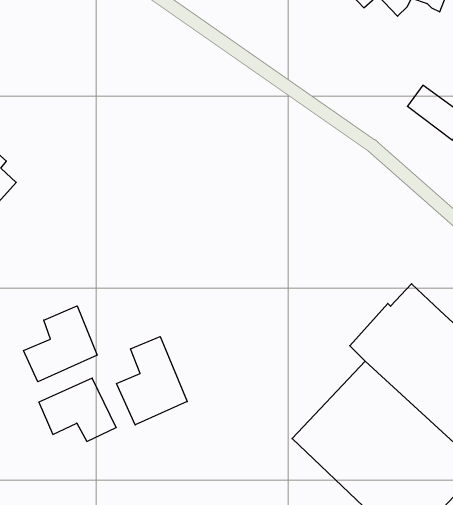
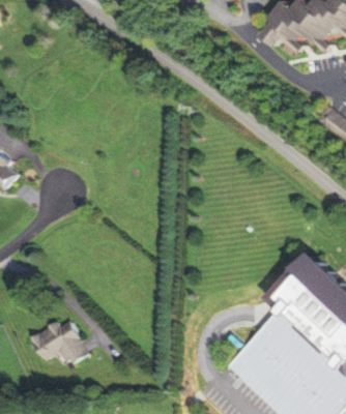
building: [24,306,97,382] -> none
building: [116,337,187,425] -> none

